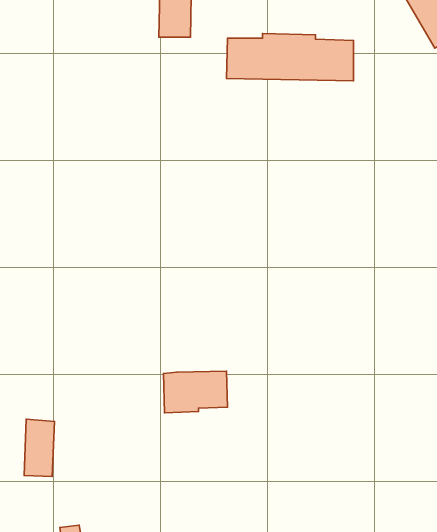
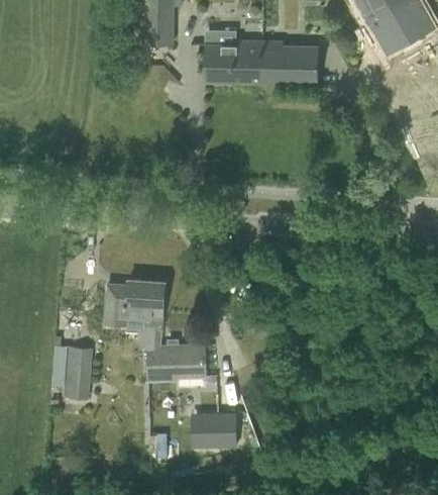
building: none -> [105,279,166,326]
building: [24,419,54,477] -> [63,346,90,398]
building: none -> [191,412,236,448]

